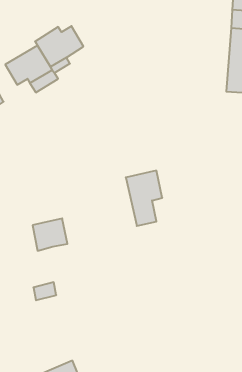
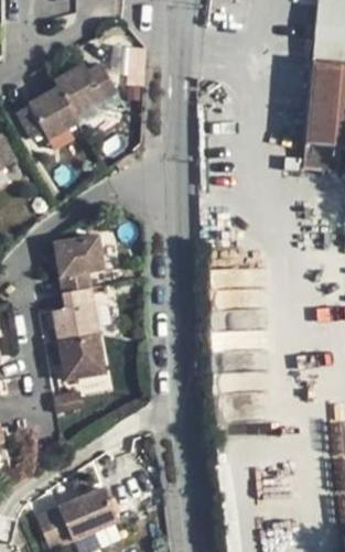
building: [126,171,162,226] -> [54,240,101,312]
building: none -> [62,339,107,380]

